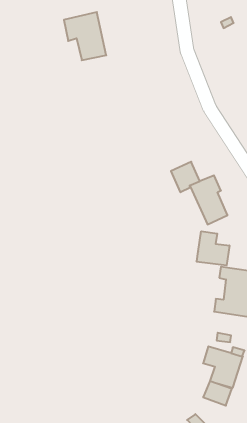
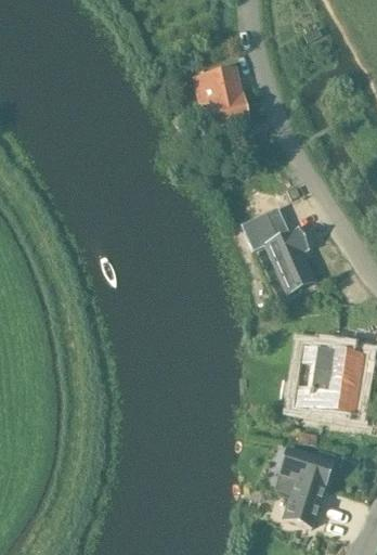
building: [64,12,106,60] -> [194,66,248,128]
building: [197,231,229,265] -> none

